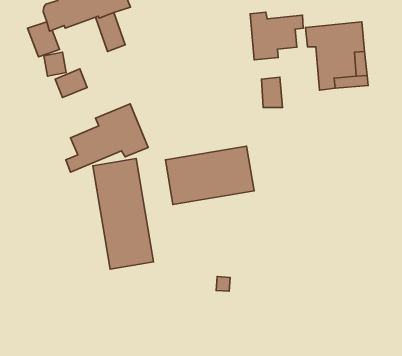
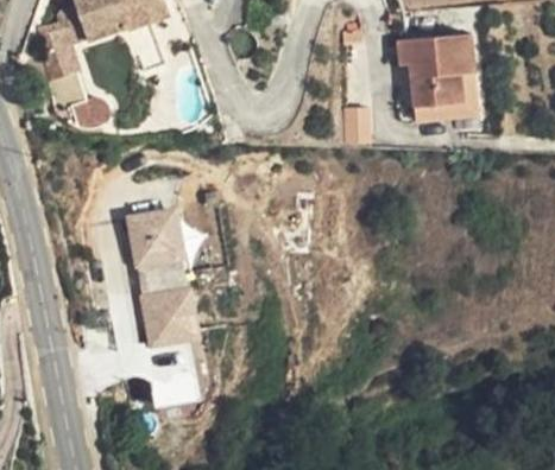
building: [250,12,303,60] -> none
building: [66,104,148,172] -> none
building: [165,146,254,205] -> none

